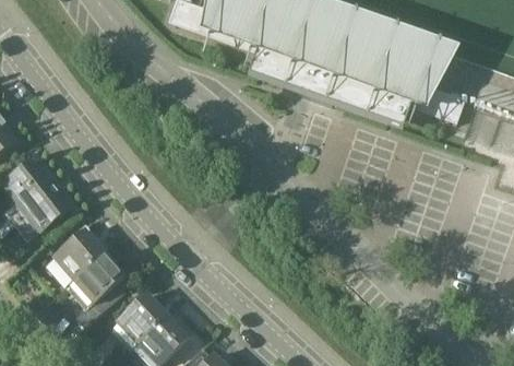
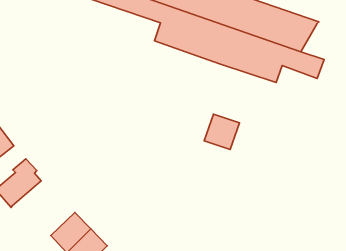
building: none -> [204,114,240,150]
building: [68,248,125,322] -> none

